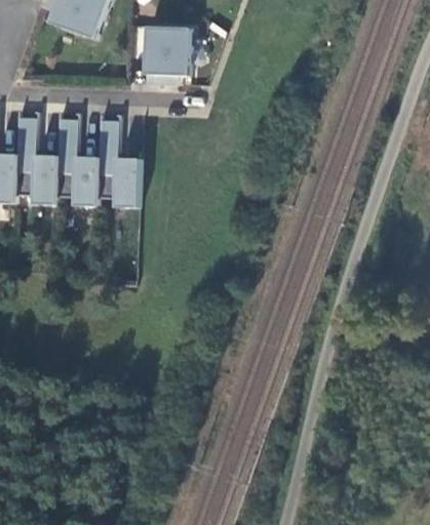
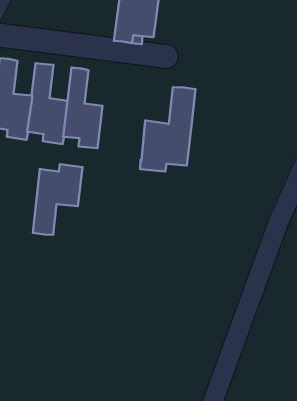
building: none -> [140,87,196,172]
building: none -> [33,164,82,235]

